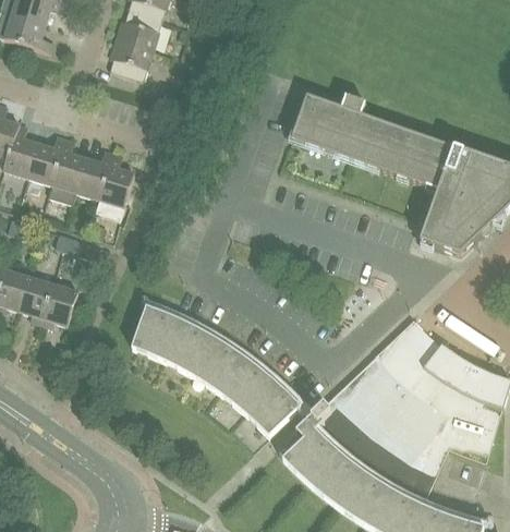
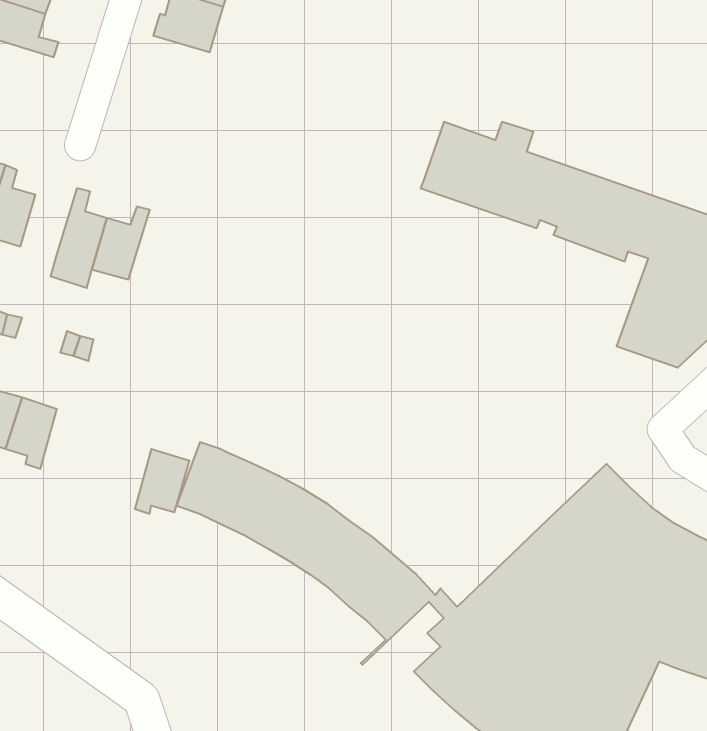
building: [109,37,153,80] -> none
building: [28,134,65,183] -> none
building: [96,152,134,217] -> none
building: [41,282,77,325] -> [135,449,190,514]

